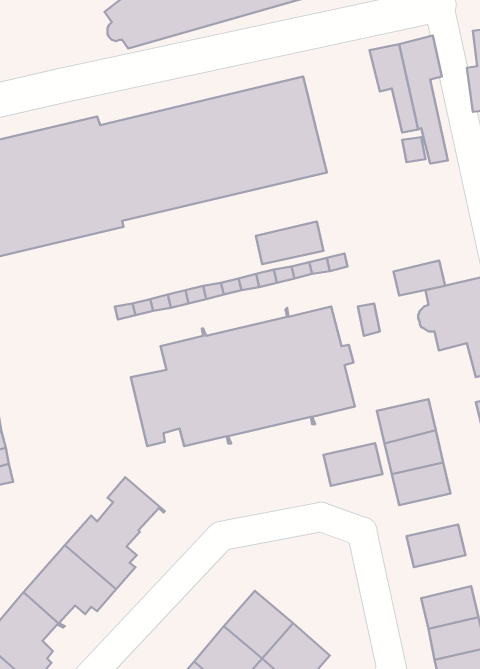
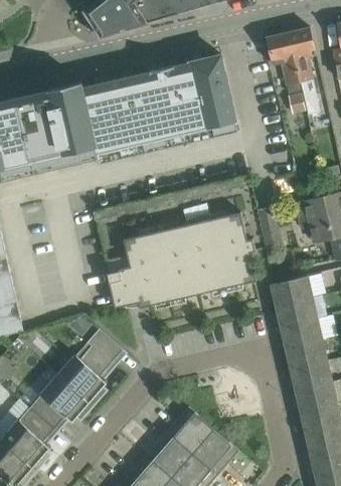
building: [256,222,324,264] -> none
building: [394,261,445,296] -> none
building: [324,443,383,486] -> [286,339,326,368]
building: none -> [296,381,335,411]

